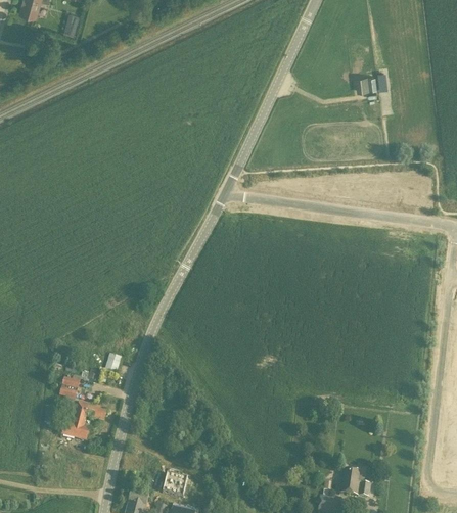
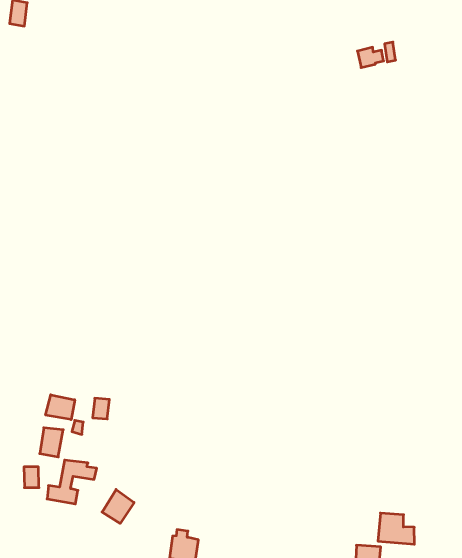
building: none -> [46,395,75,420]
building: none -> [102,489,134,523]

